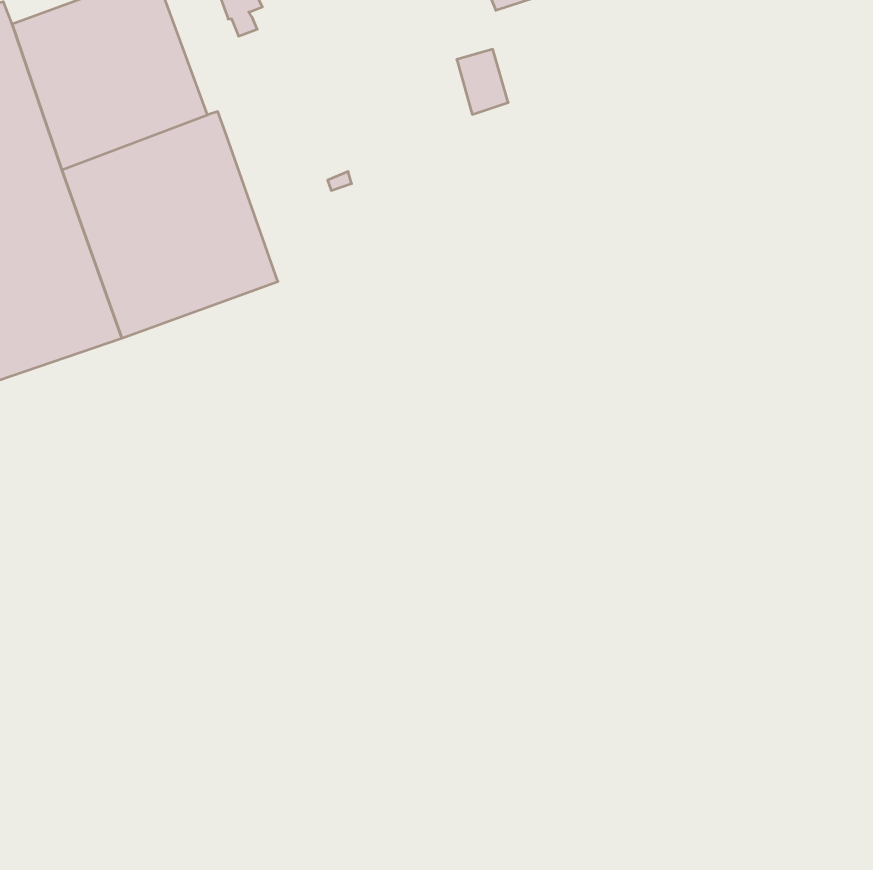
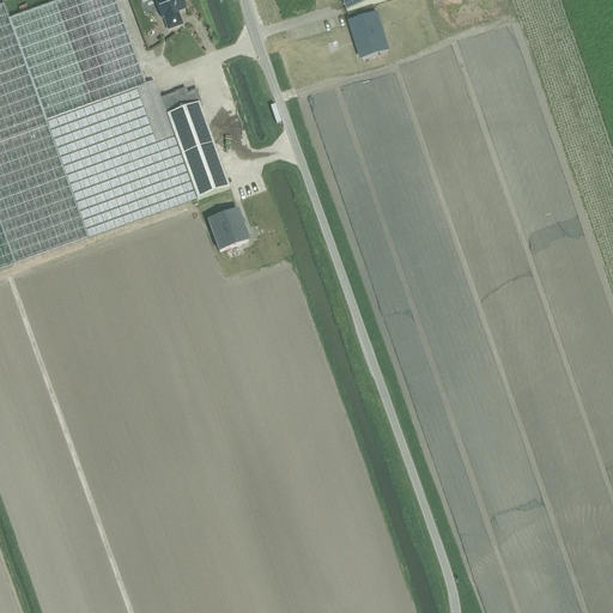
building: [457,49,508,114] -> [350,11,386,56]
building: none -> [158,86,226,196]
building: none -> [206,207,245,248]

